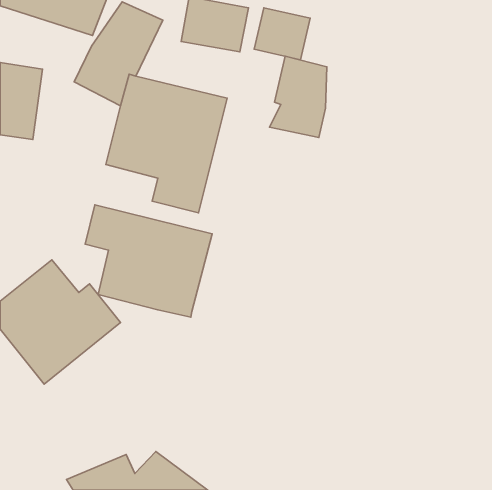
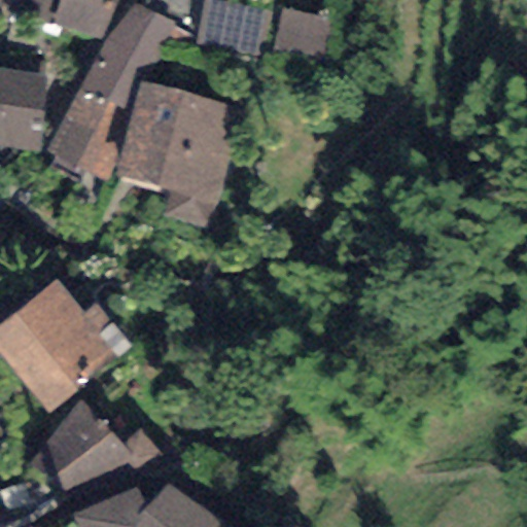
building: [269,56,327,137] -> none
building: none -> [44,87,129,181]
building: [85,205,212,317] -> none
building: none -> [29,397,167,494]

